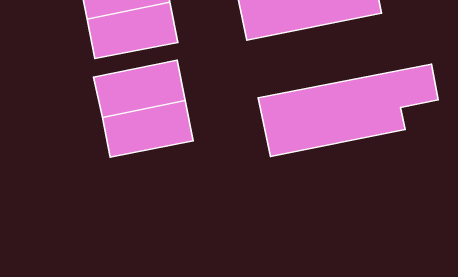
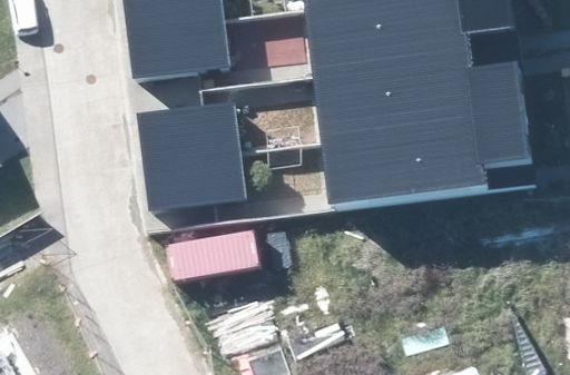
building: none -> [314,58,522,144]

